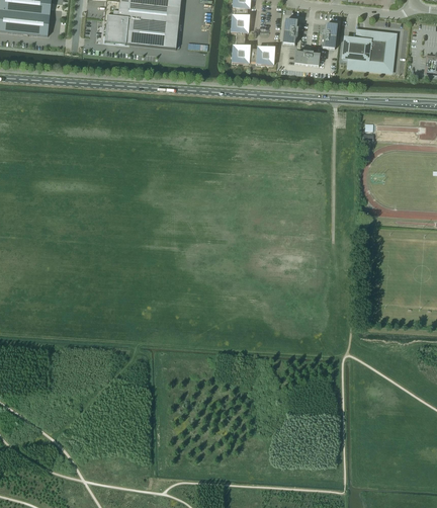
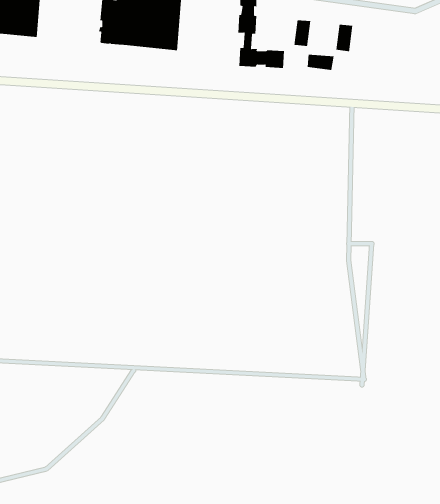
building: [342,28,396,72] -> none

